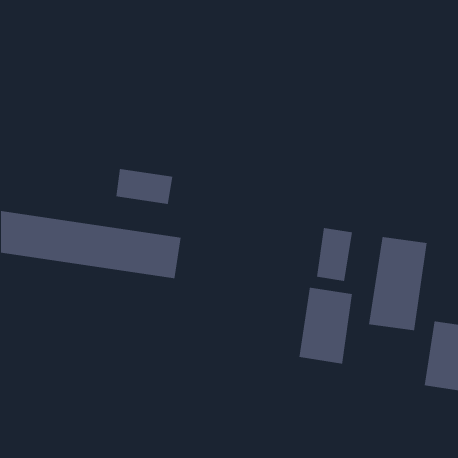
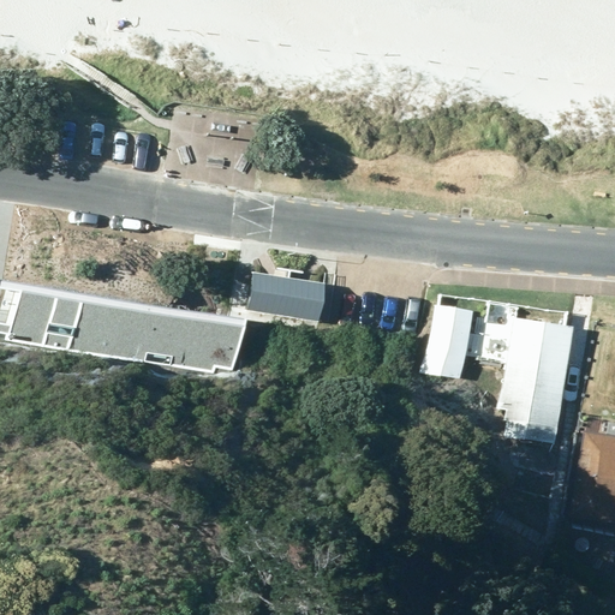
building: [116,169,173,204] -> [249,273,326,321]
building: [299,287,352,364] -> none

